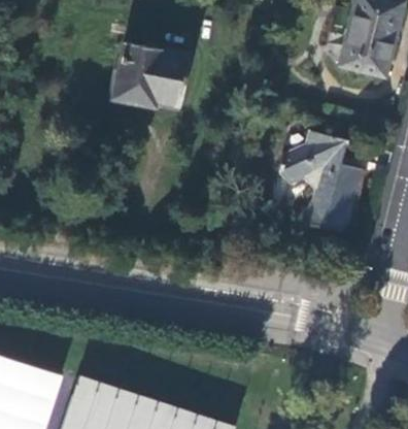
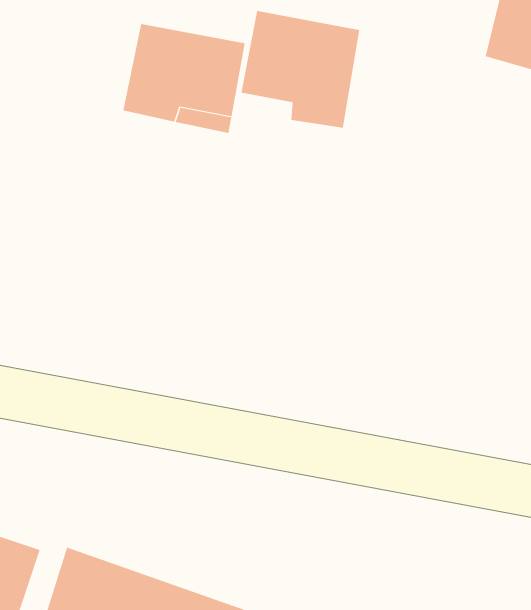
building: none -> [241,10,360,128]
building: [279,132,359,232] -> none

